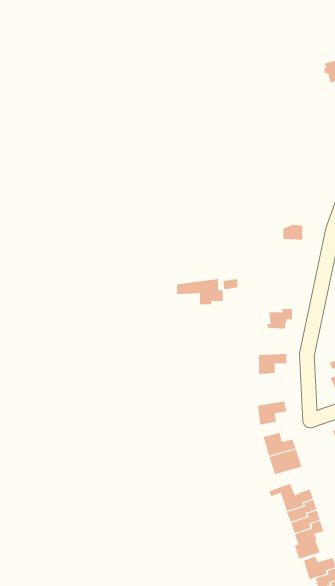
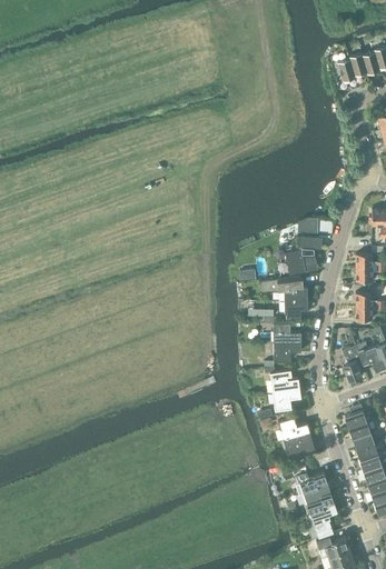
building: none -> [287,238,321,274]
building: [176,278,224,305] -> [261,278,307,303]
building: none -> [266,319,301,345]
building: none -> [269,371,299,393]

